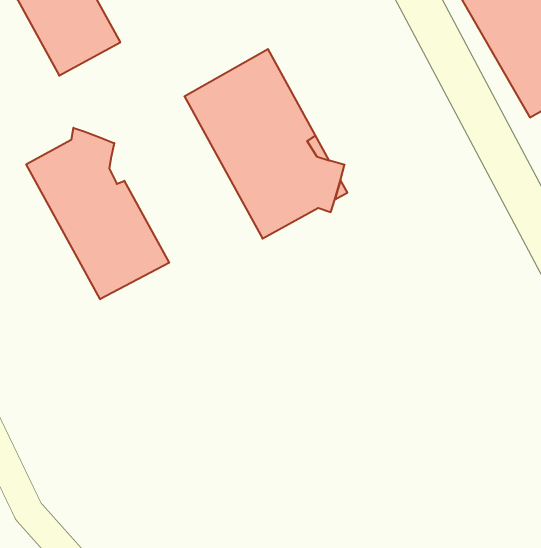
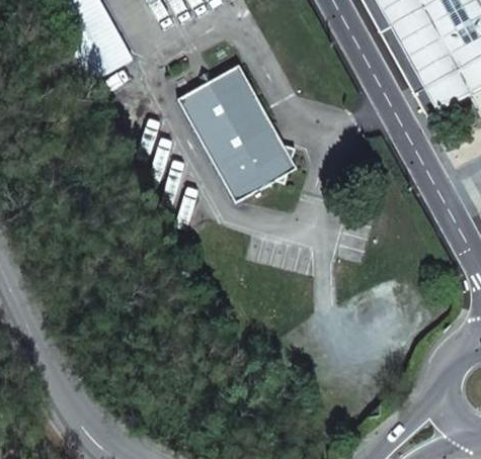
building: [26,128,169,299] -> none

